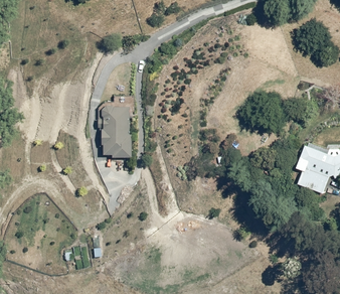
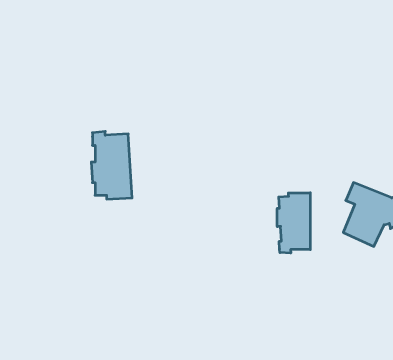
building: none -> [277,193,310,253]

